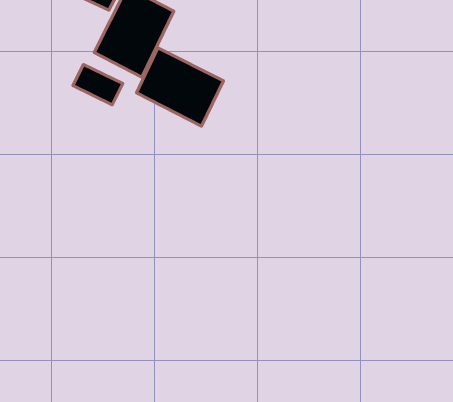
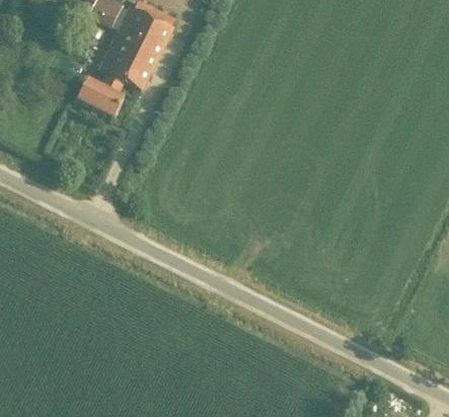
building: [137,48,224,126] -> none

